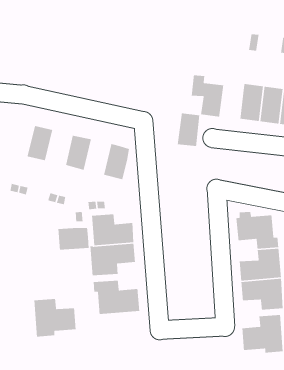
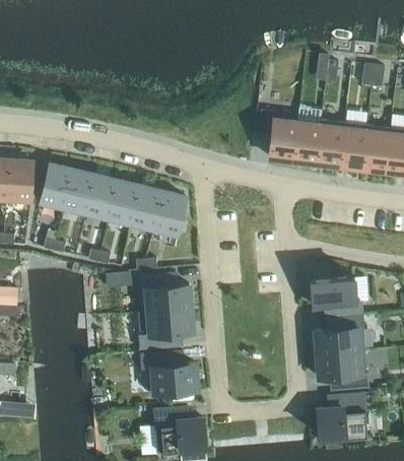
building: [177,112,200,147] -> [292,122,320,162]
building: none -> [41,163,73,207]
building: none -> [86,175,118,217]
building: none -> [132,186,163,228]
building: [57,227,90,250] -> none
building: [34,298,77,338] -> [155,407,206,454]

